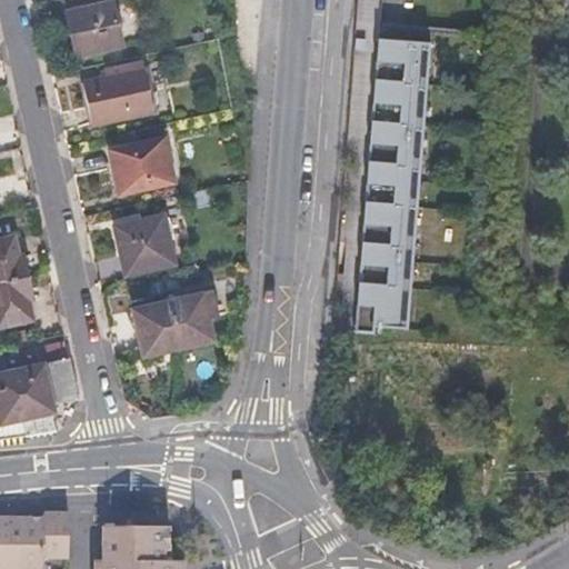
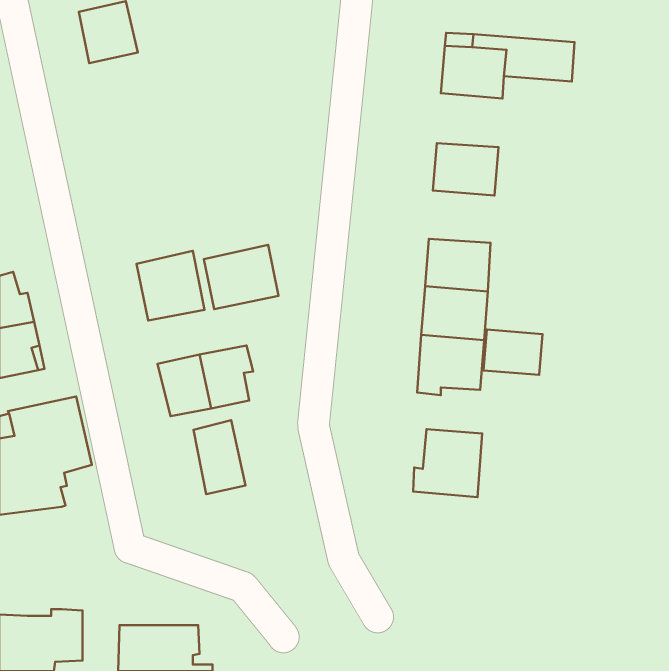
building: [84,60,154,123] -> none
building: [370,79,426,124] -> none
building: [110,136,173,190] -> [204,245,279,309]
building: [363,161,419,206] -> none
building: none -> [483,329,543,375]
building: none -> [194,420,246,494]
building: none -> [413,429,482,497]

